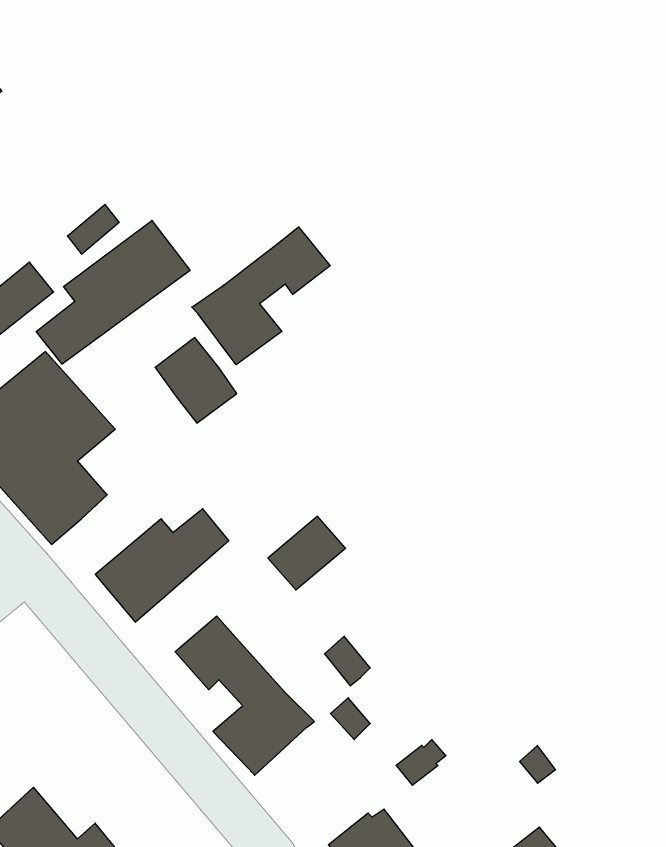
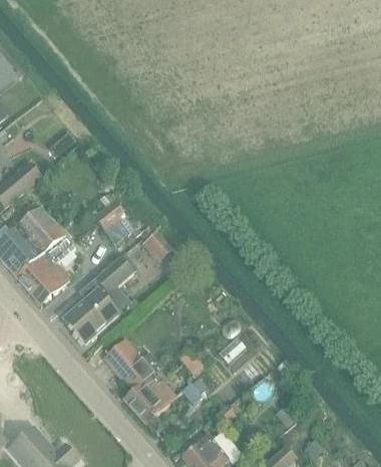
building: [36,220,190,364] -> none
building: [192,227,330,365] -> none
building: [268,516,346,590] -> [93,256,132,293]

